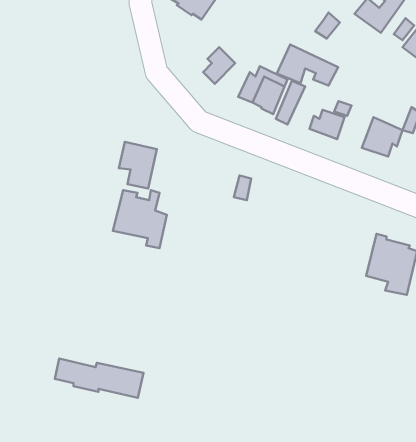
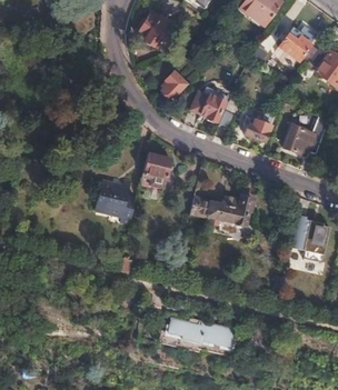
building: [277,45,338,86] -> none
building: [119,142,157,188] -> [141,153,170,189]
building: none -> [189,196,250,227]
building: [55,358,144,398] -> [167,318,235,348]

